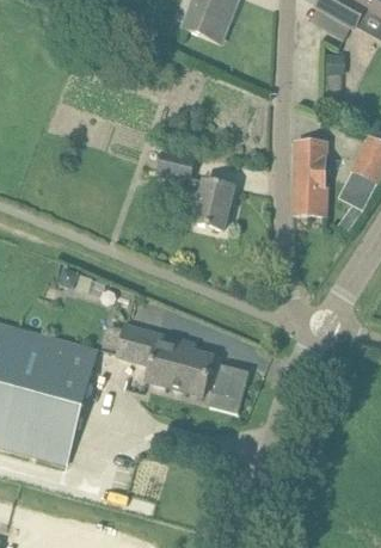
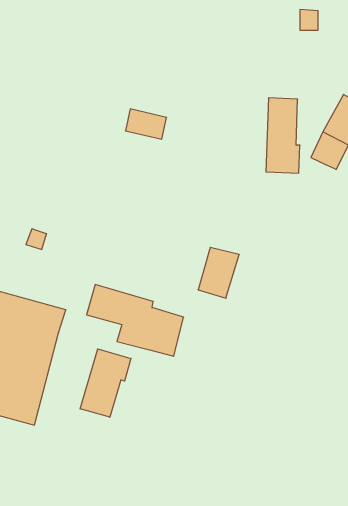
building: [192,180,232,230] -> none
building: [203,357,244,407] -> [198,247,239,298]
building: none -> [80,349,131,417]

